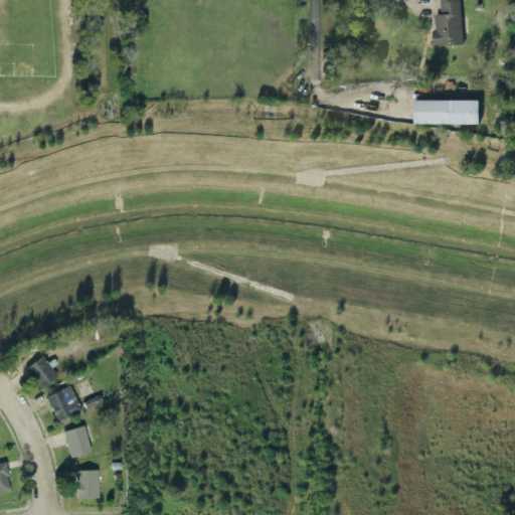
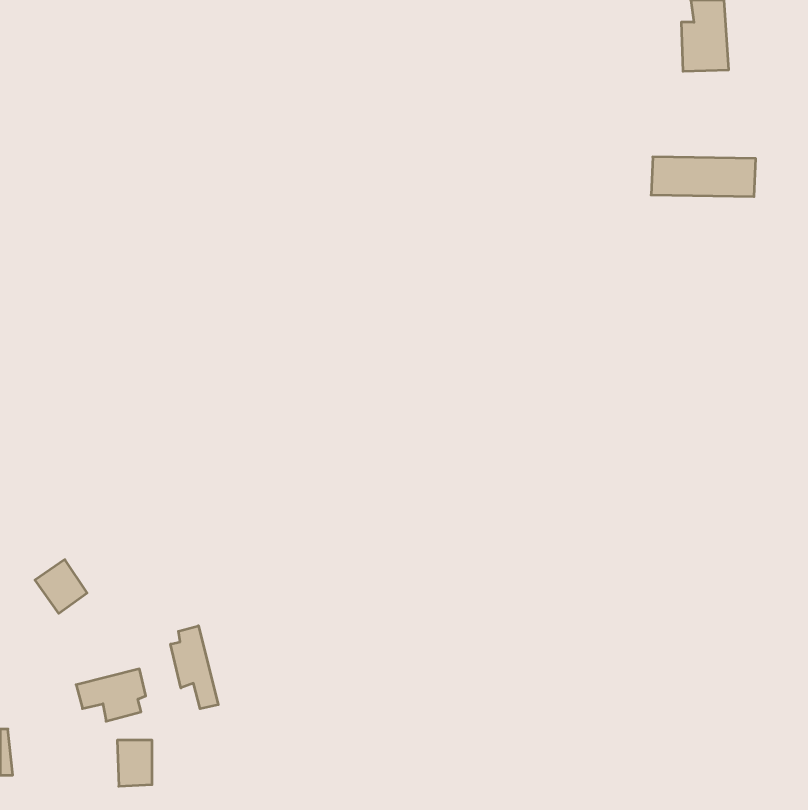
building: [45,385,80,421] -> none
building: none -> [171,626,218,709]

